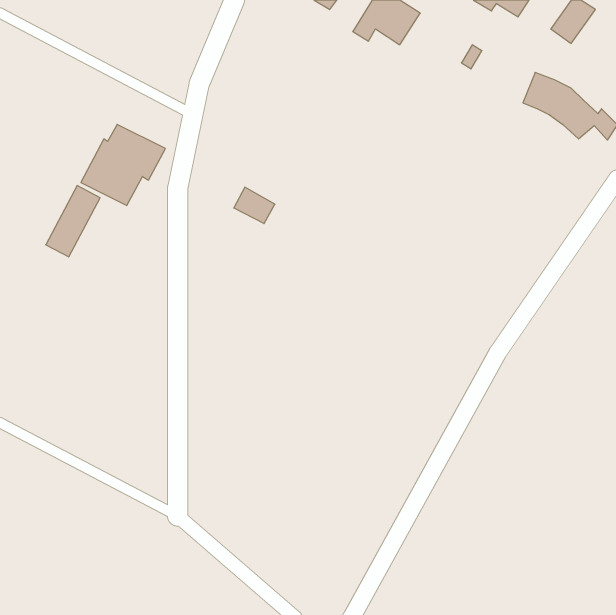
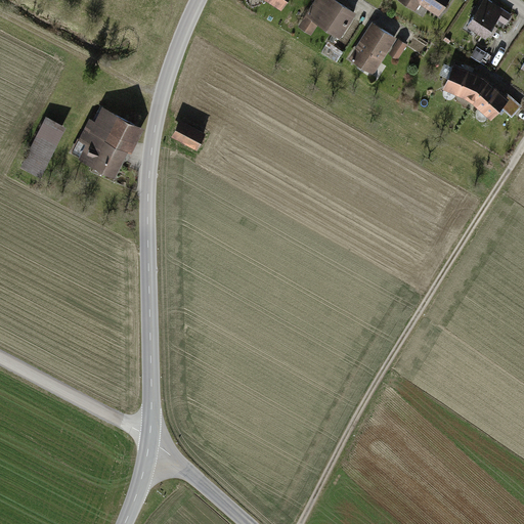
building: none -> [351,23,397,72]
building: [46,186,100,257] -> [18,118,64,178]
building: [234,187,275,224] -> [167,121,202,151]

